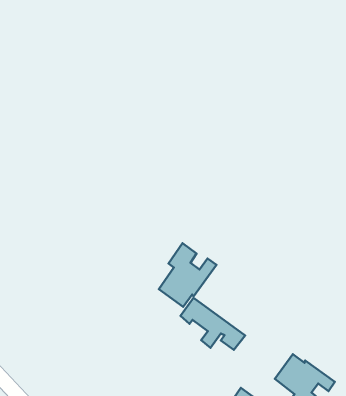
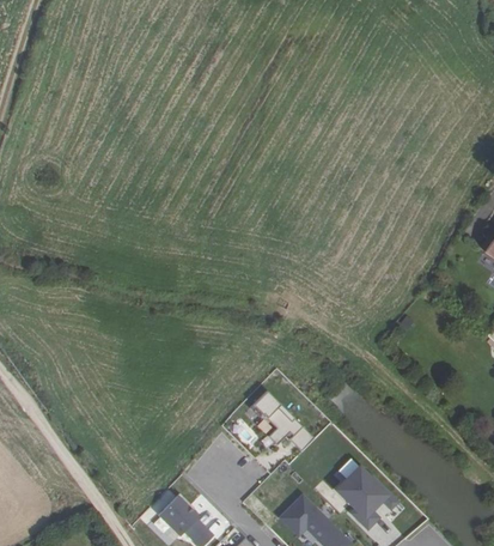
building: [159,243,216,307] -> none

